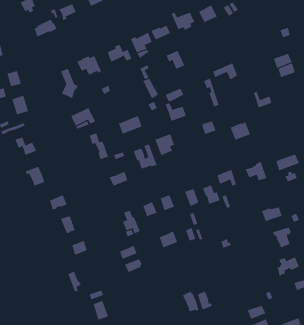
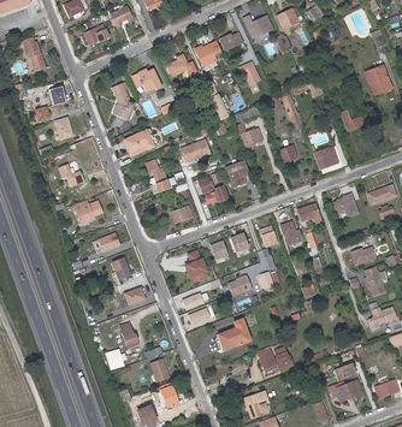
building: none -> [218,318,250,348]

